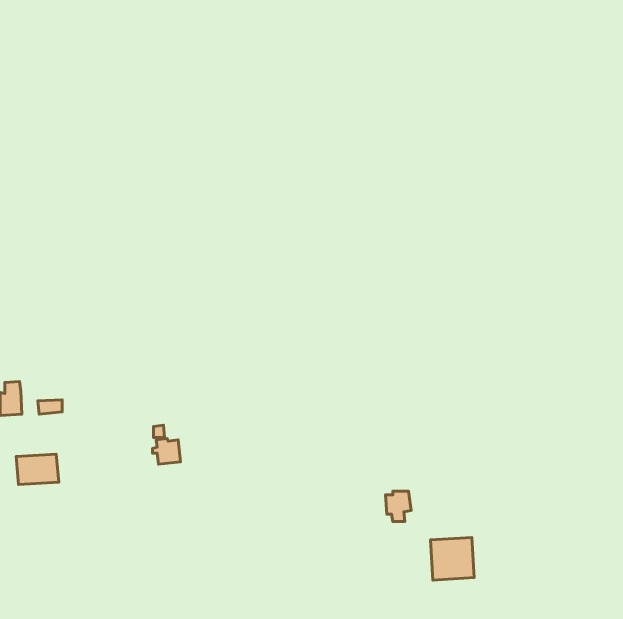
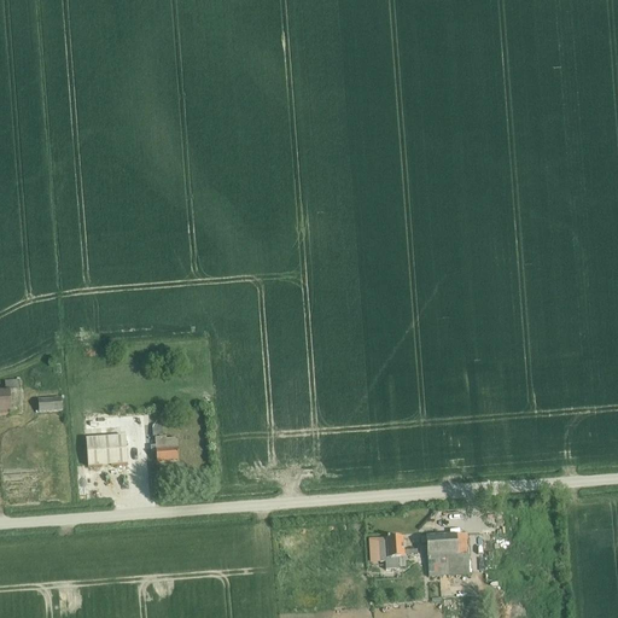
building: [16,454,59,485] -> [86,435,128,465]
building: [385,491,411,521] -> [379,536,404,566]

